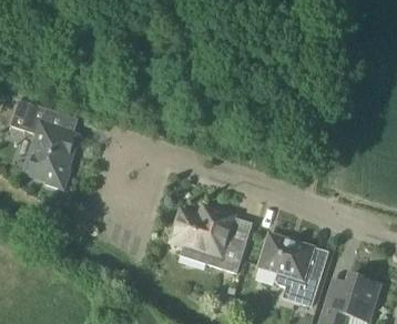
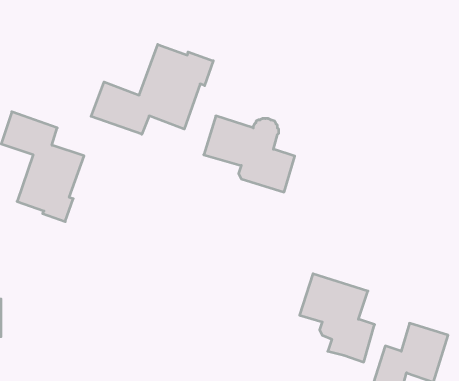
building: none -> [91,44,213,134]
building: [169,210,244,273] -> [204,116,295,192]

